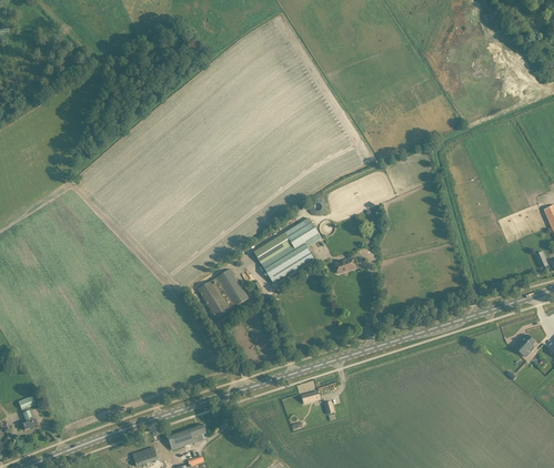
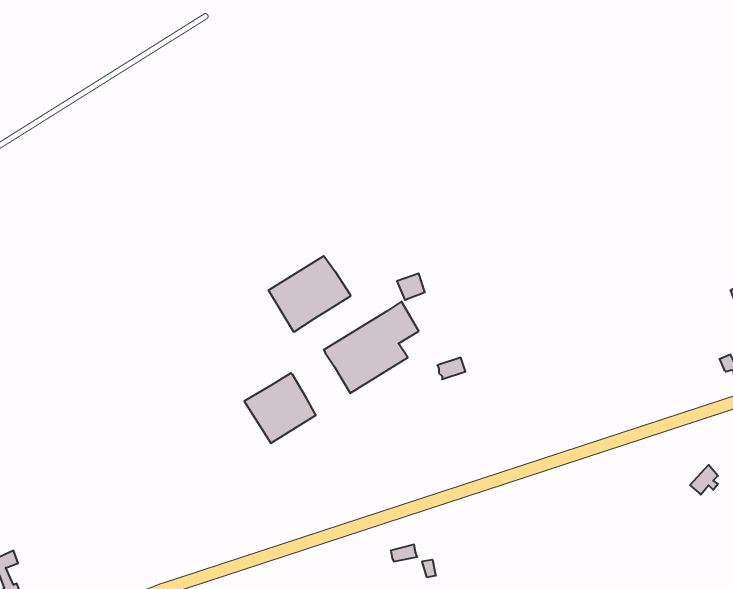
building: none -> [268,256,350,332]

